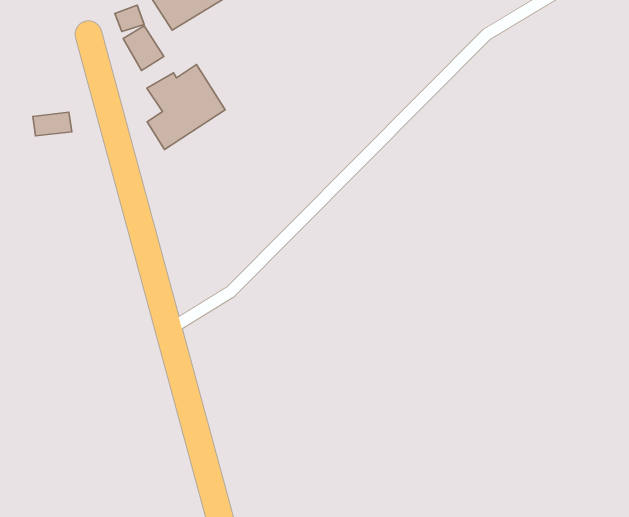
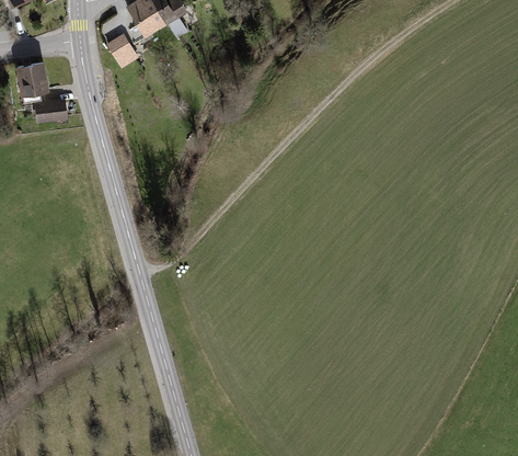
building: none -> [18,62,47,94]
building: [147,65,225,149] -> none

